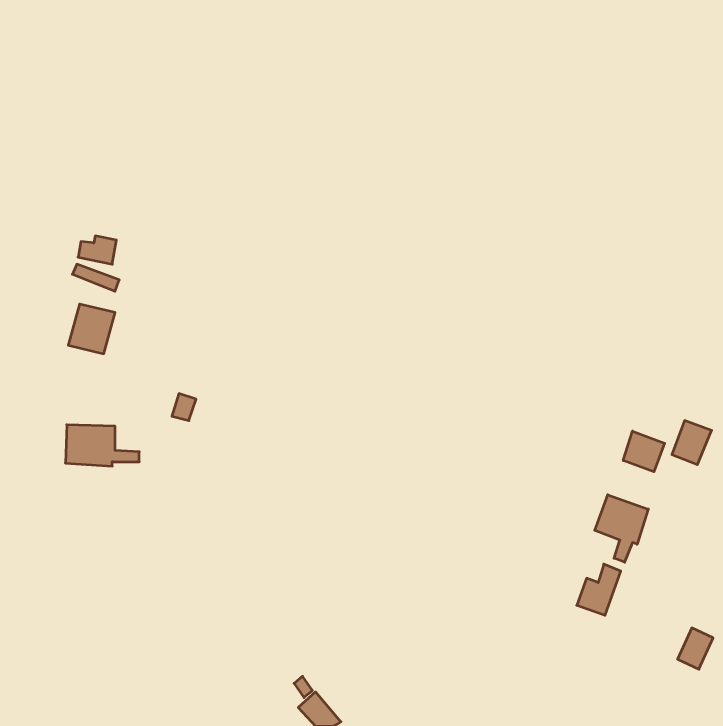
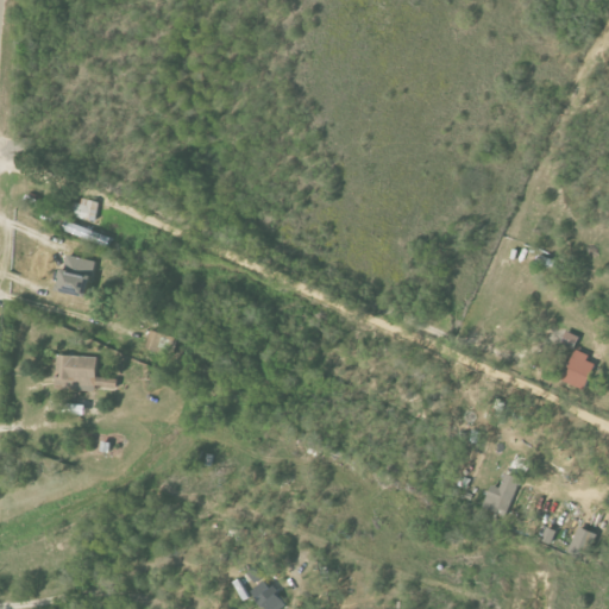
building: [623,431,665,472] -> none
building: [595,495,648,562] -> none

